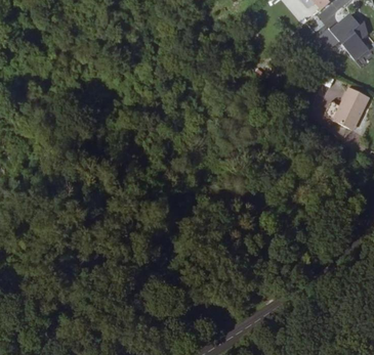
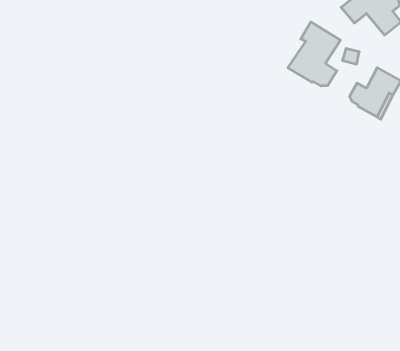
building: none -> [288,22,340,86]

